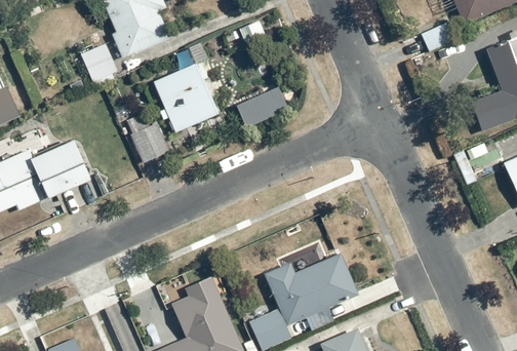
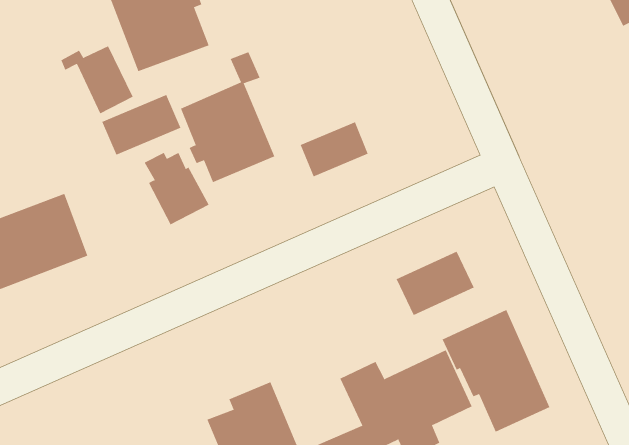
building: none -> [102,94,181,155]
building: none -> [396,251,474,316]
building: none -> [442,309,550,433]

